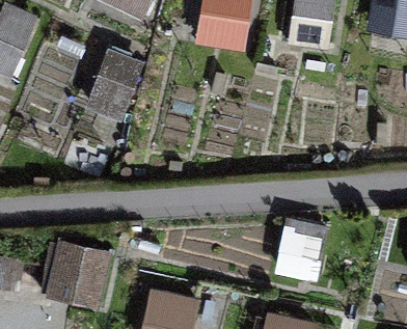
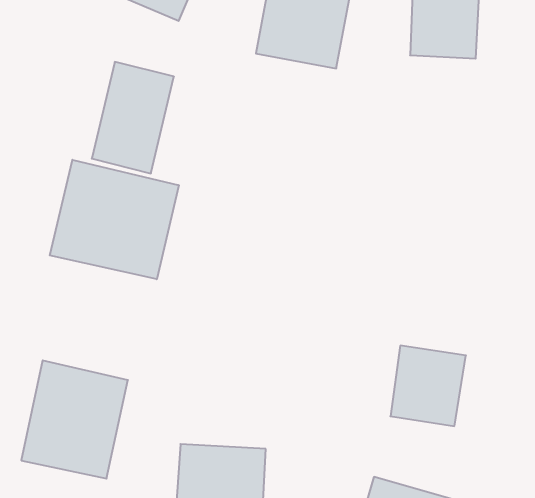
building: none -> [50,160,179,279]

